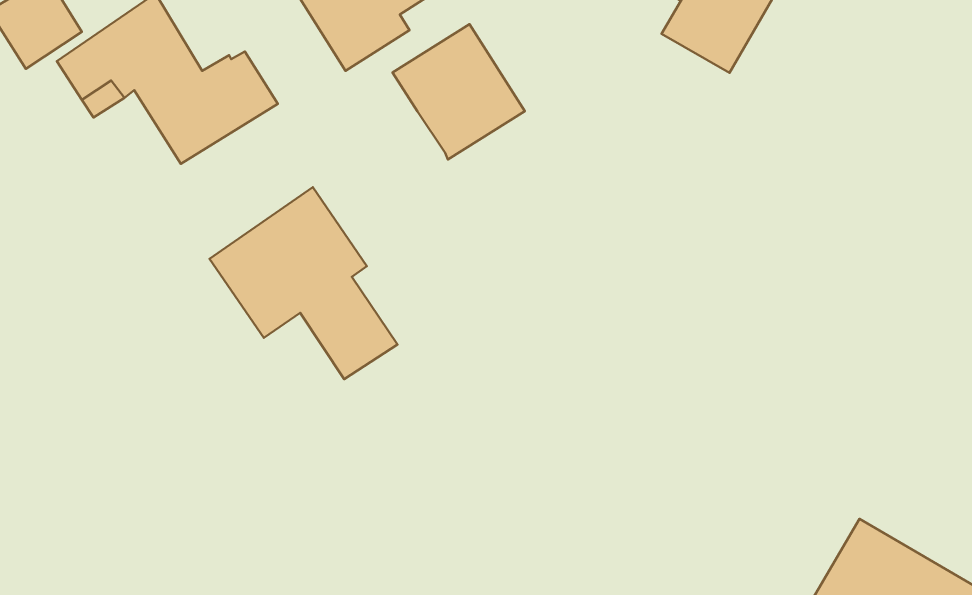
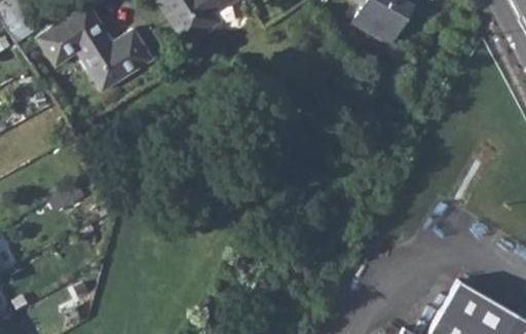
building: [392,24,525,160] -> none
building: [210,187,398,379] -> none

